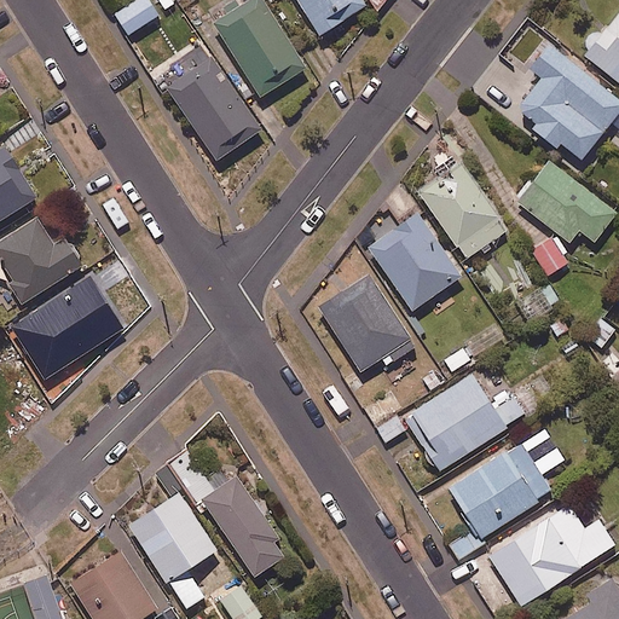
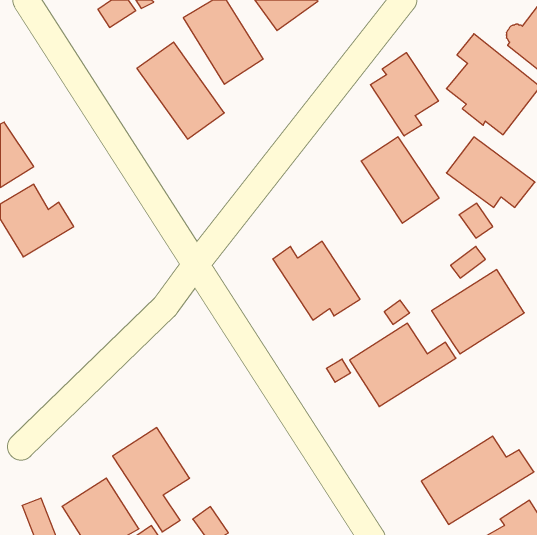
building: none -> [370,53,438,136]
building: [365,212,459,310] -> none
building: [15,273,128,376] -> none
building: [446,441,553,538] -> [432,270,524,354]
building: [204,473,294,575] -> none

